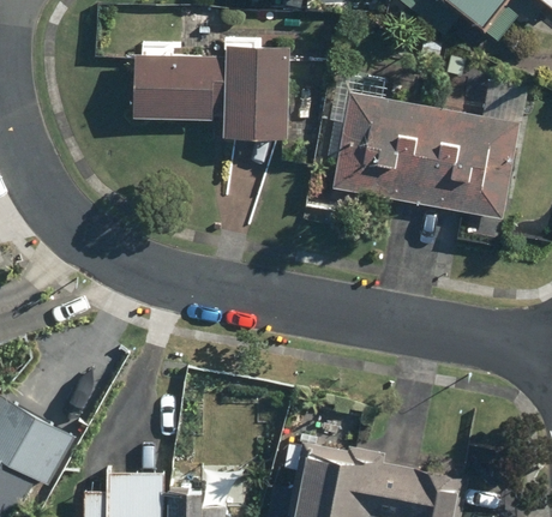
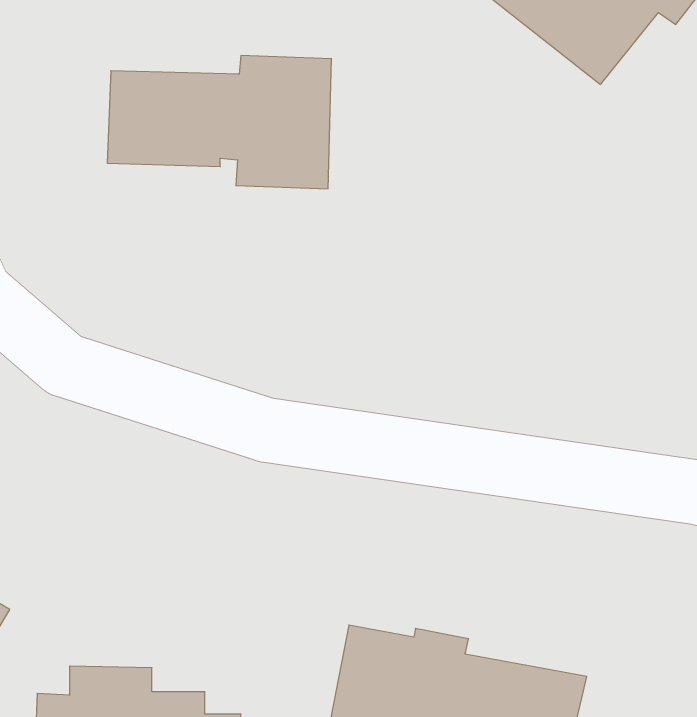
building: [331,92,518,220] -> none

